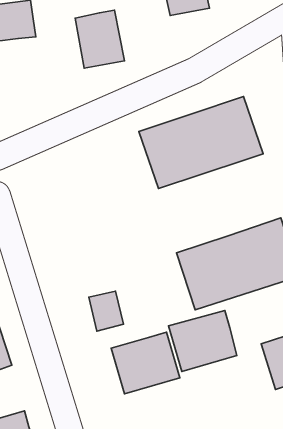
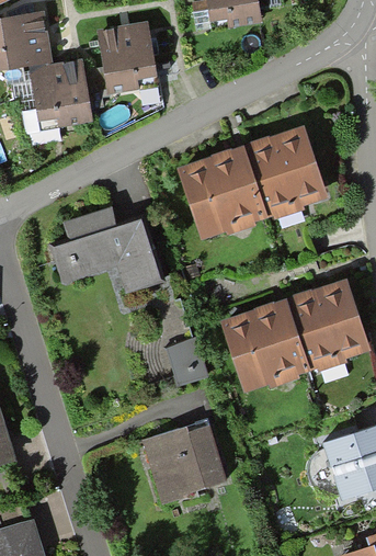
building: none -> [26,54,87,122]
building: none -> [52,211,162,294]
building: [89,291,124,331] -> [169,331,212,381]
building: [169,310,237,372] -> none

